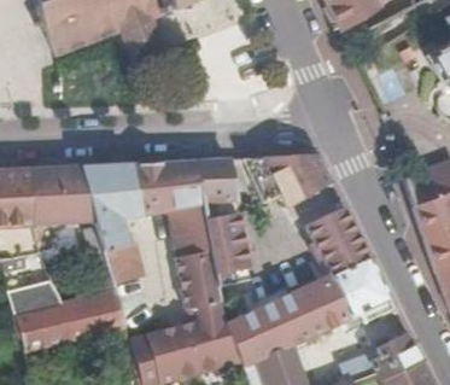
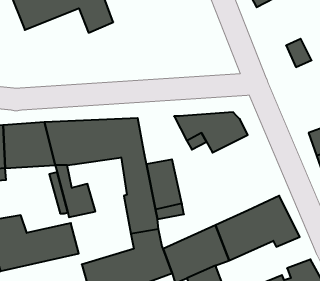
building: [194,159,234,205] -> none
building: [305,205,368,274] -> none

